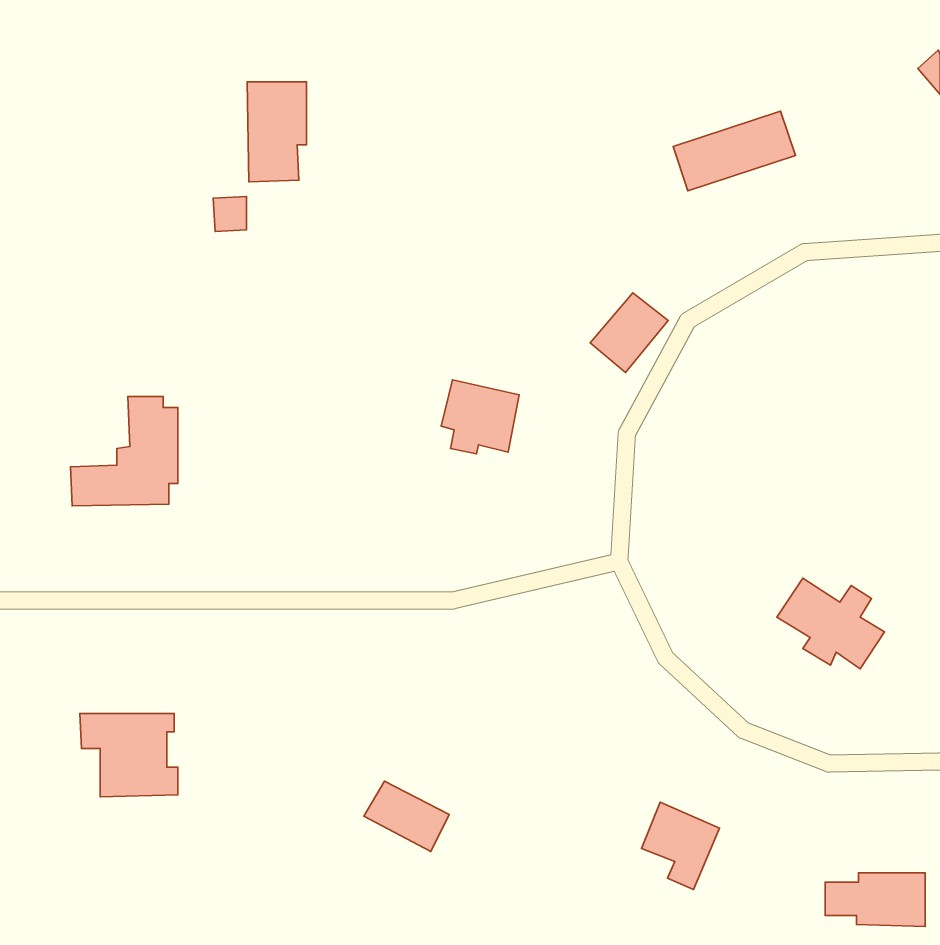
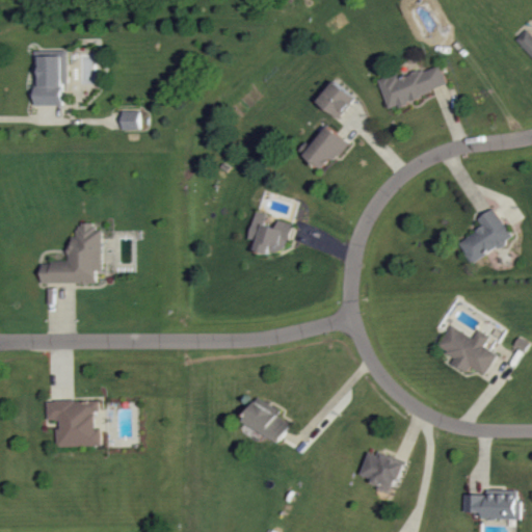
building: [247,82,306,182] -> [32,49,65,105]
building: none -> [316,81,353,117]
building: [590,293,668,372] -> [302,126,346,170]
building: none -> [457,208,511,264]
building: [364,781,449,852] -> [241,403,289,443]

